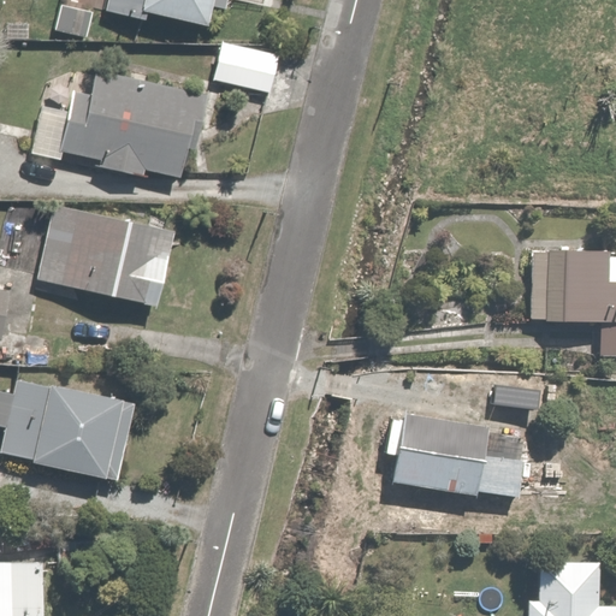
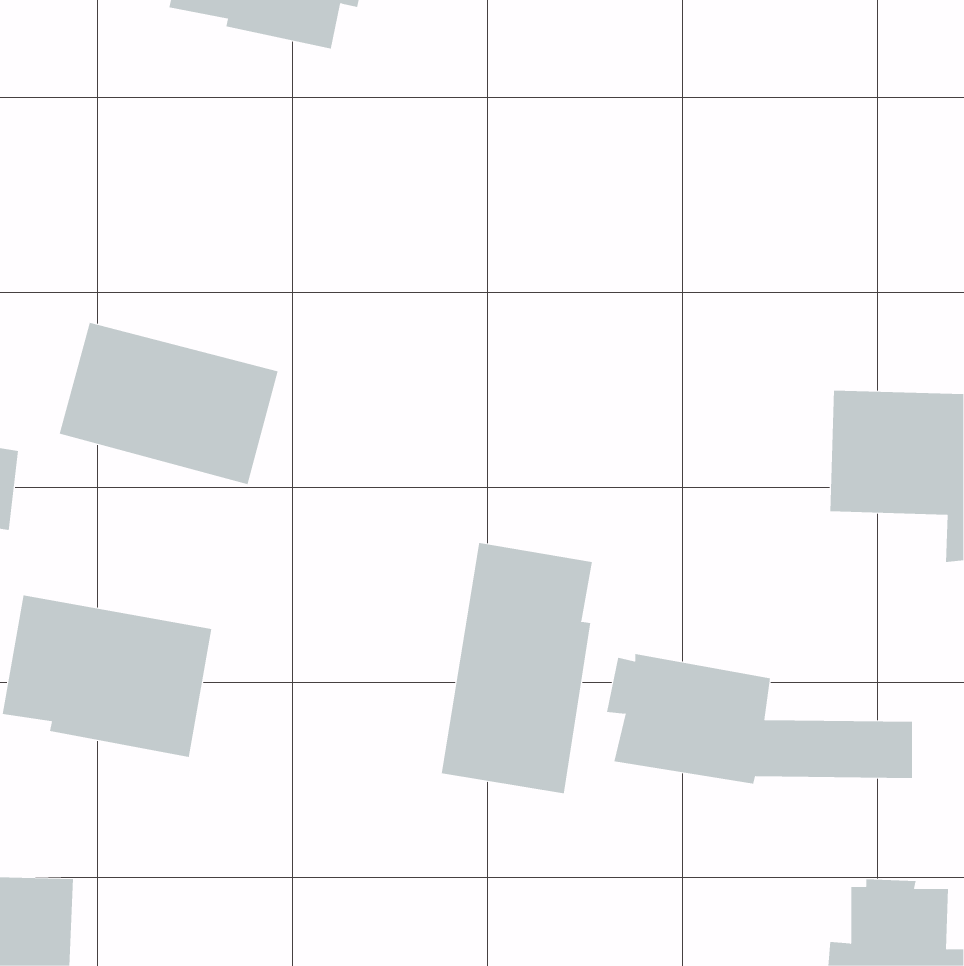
building: [227,40,274,87] -> none
building: [30,67,199,178] -> none
building: none -> [441,542,593,794]

